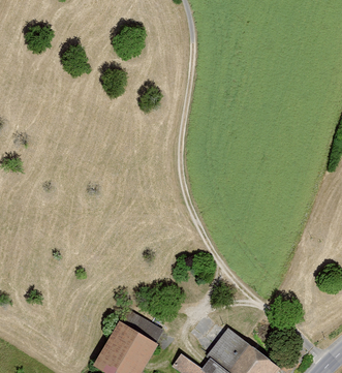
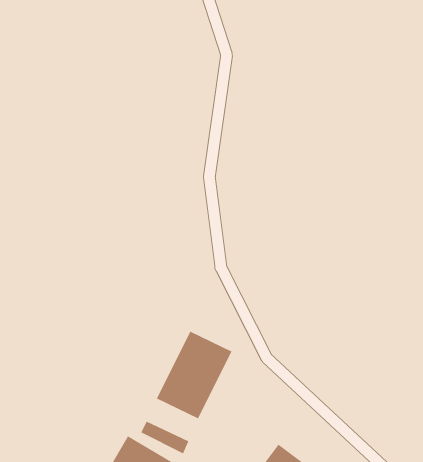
building: none -> [156,331,232,419]

